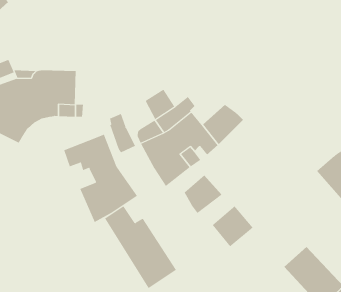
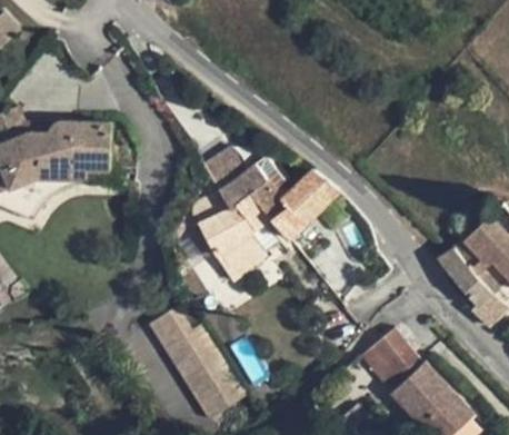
building: [109,113,136,153] -> none
building: [64,134,138,223] -> none
building: [184,174,223,214] -> none
building: [212,205,254,247] -> [361,327,418,384]

